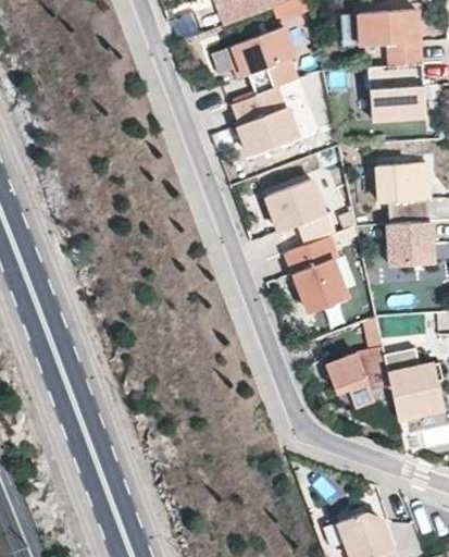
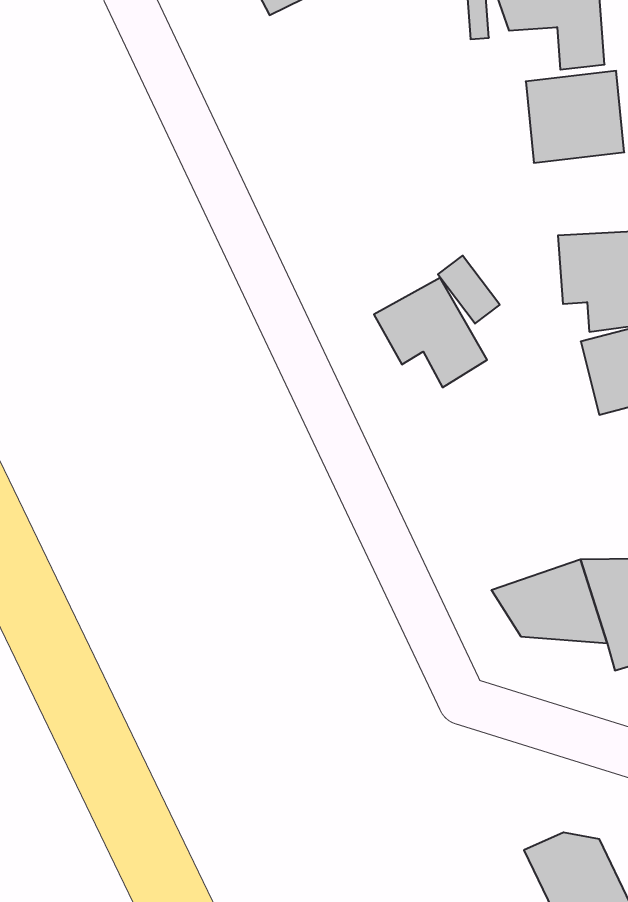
building: [224,26,301,90] -> none
building: [230,95,292,154] -> none
building: [286,233,344,309] -> none

